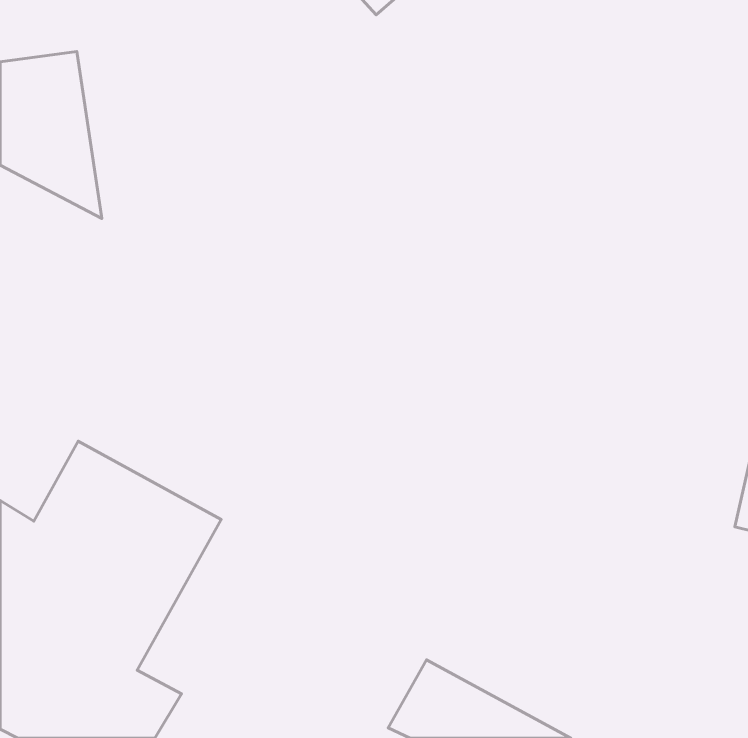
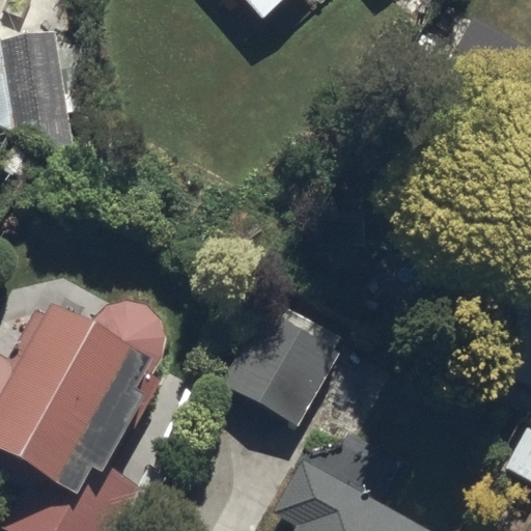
building: none -> [227,315,336,421]

